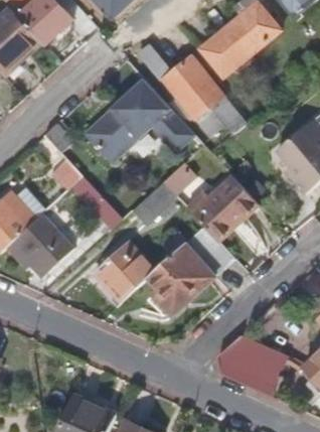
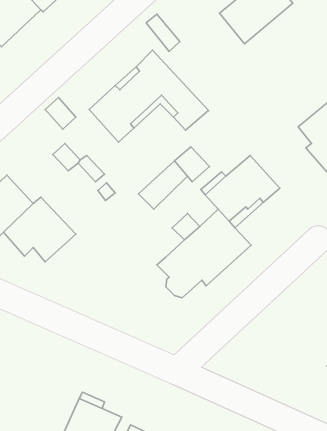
building: [163,55,248,146] -> none
building: [94,241,156,302] -> none
building: [217,333,286,396] -> none

